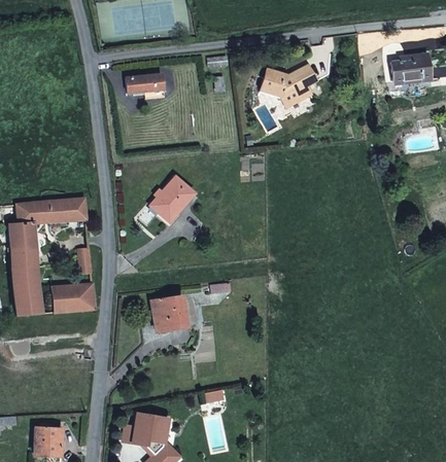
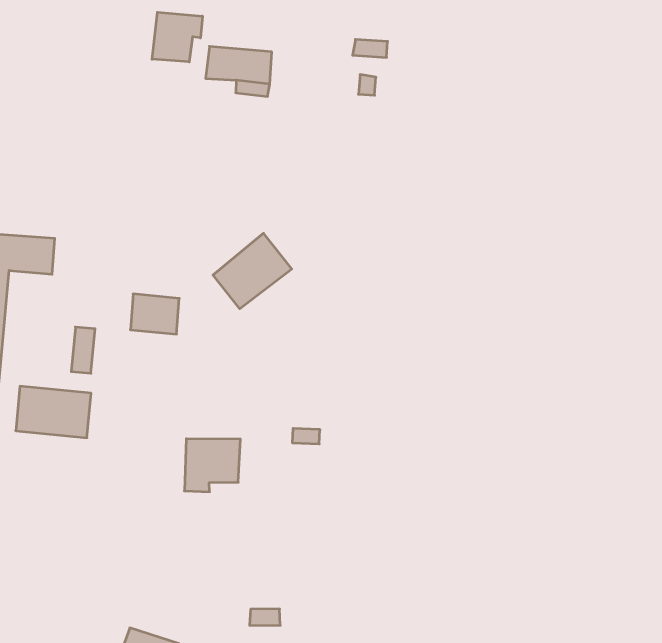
building: none -> [152,12,202,62]
building: [261,65,316,106] -> none
building: [57,198,85,220] -> [130,294,179,334]

